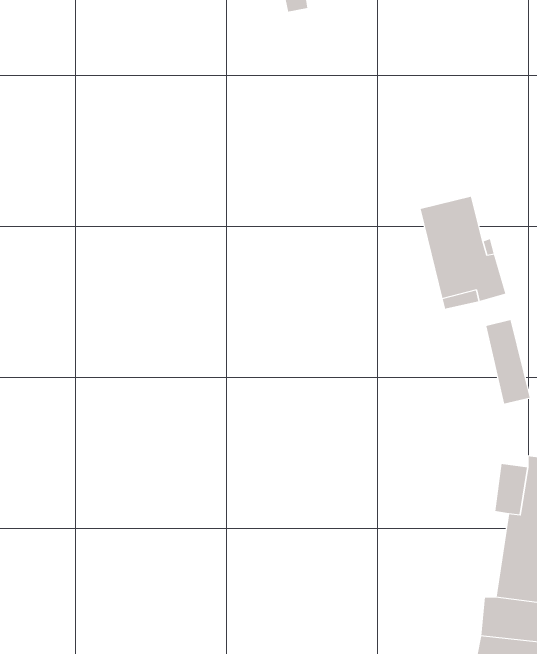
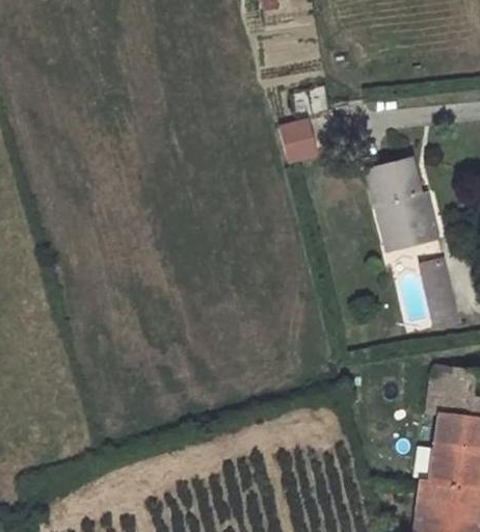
building: none -> [278,116,318,163]

